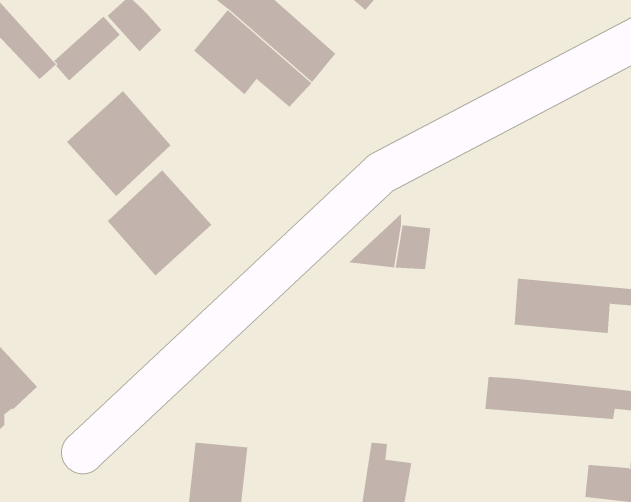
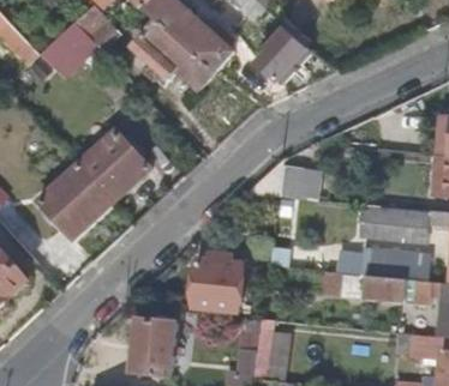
building: none -> [256,28,306,86]
building: [66,90,171,197] -> [35,165,108,240]
building: none -> [358,249,427,282]
building: none -> [190,254,240,313]

